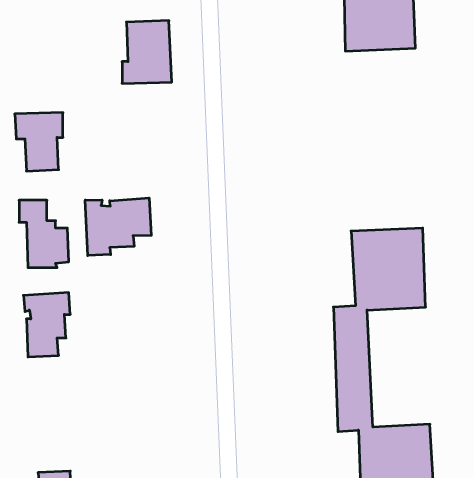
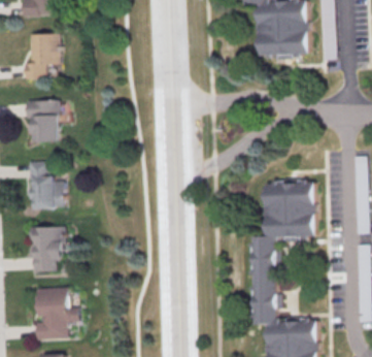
building: [122,21,172,83] -> [24,33,59,77]
building: [85,198,151,256] -> none
building: none -> [34,287,77,338]

